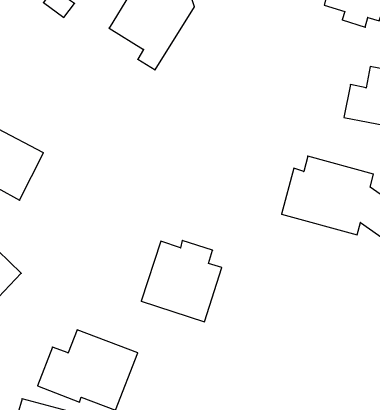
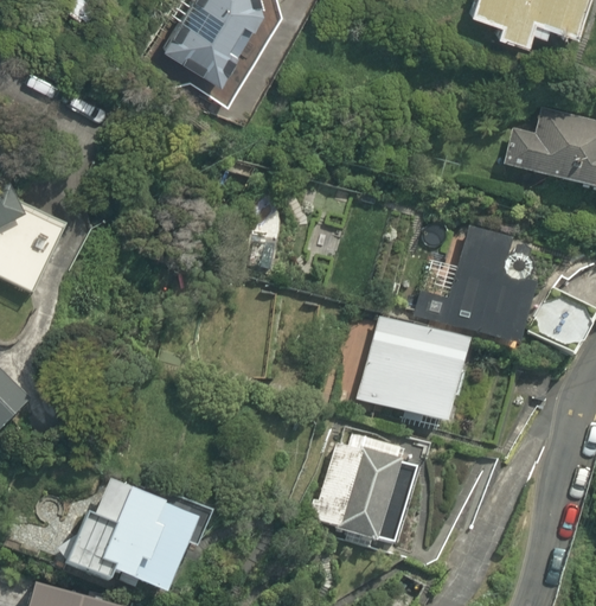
building: none -> [351,314,474,428]
building: [141,240,222,322] -> [303,429,419,547]

